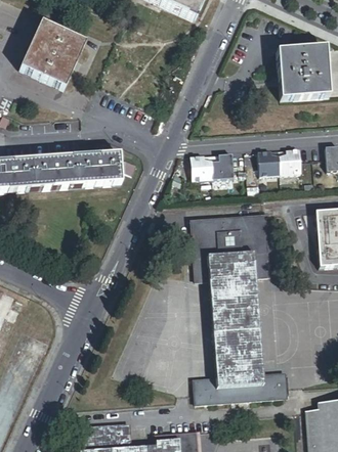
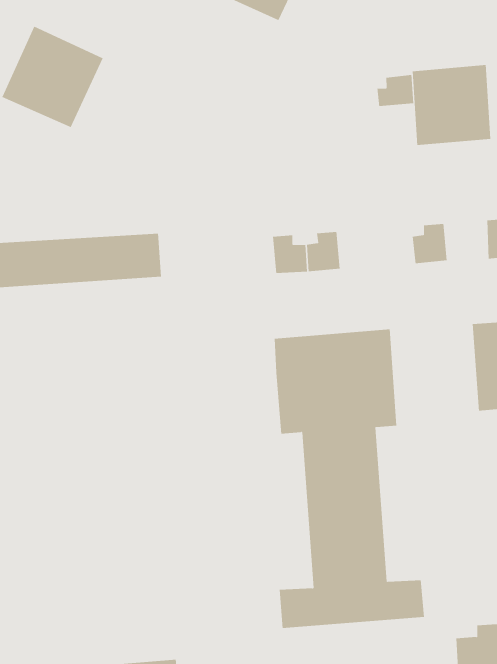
building: none -> [377,74,414,107]
building: [256,150,279,175] -> none

